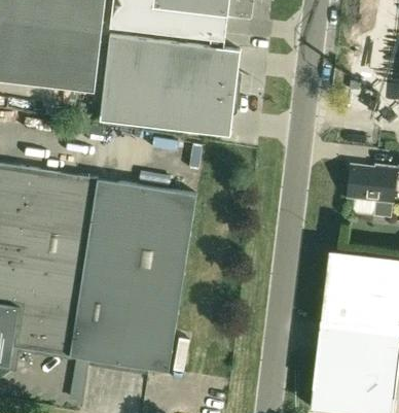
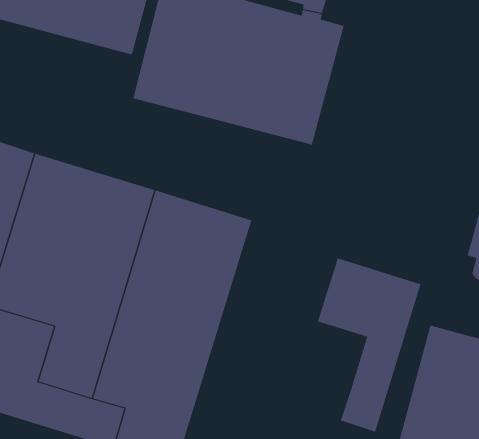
building: none -> [317,257,421,432]

